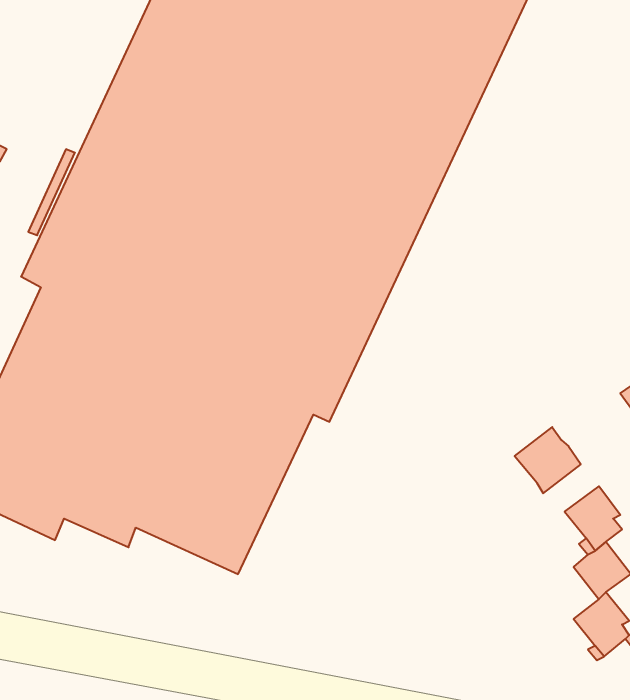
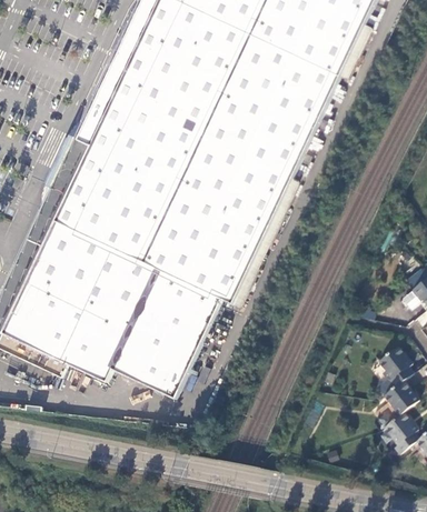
building: [515,427,581,493] -> none

